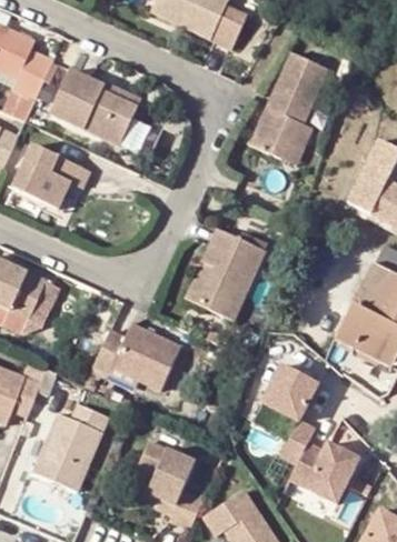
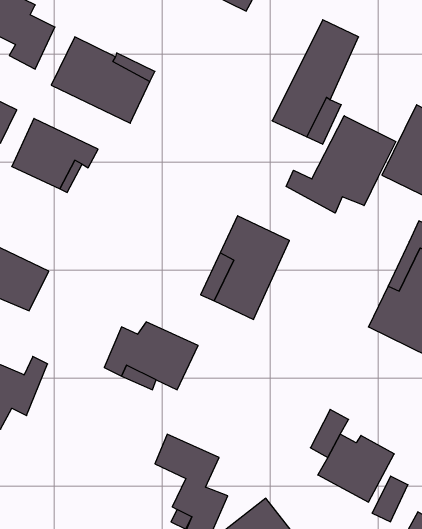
building: none -> [286,116,396,213]
building: [264,351,320,408] -> none
building: [32,402,109,492] -> none

